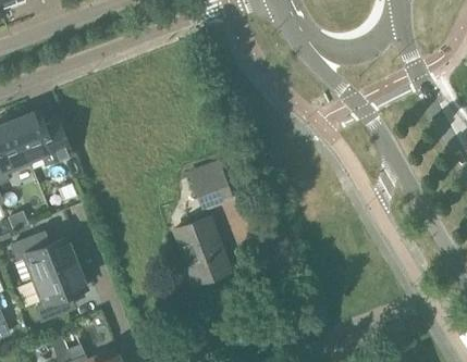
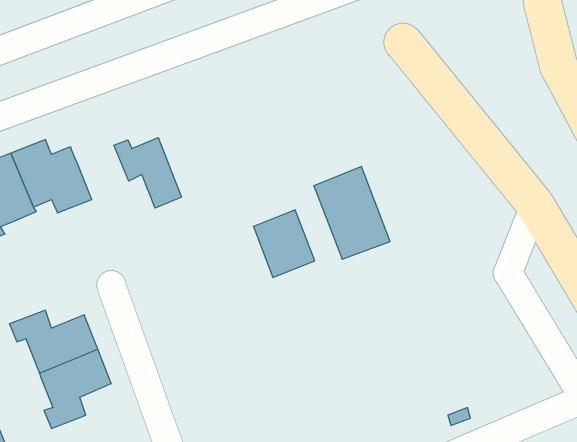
building: none -> [114,138,181,208]
building: [174,216,230,284] -> [314,167,390,259]

